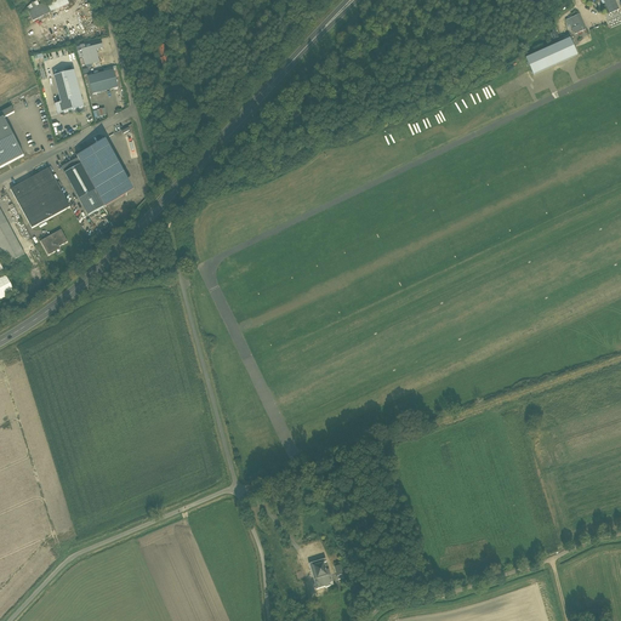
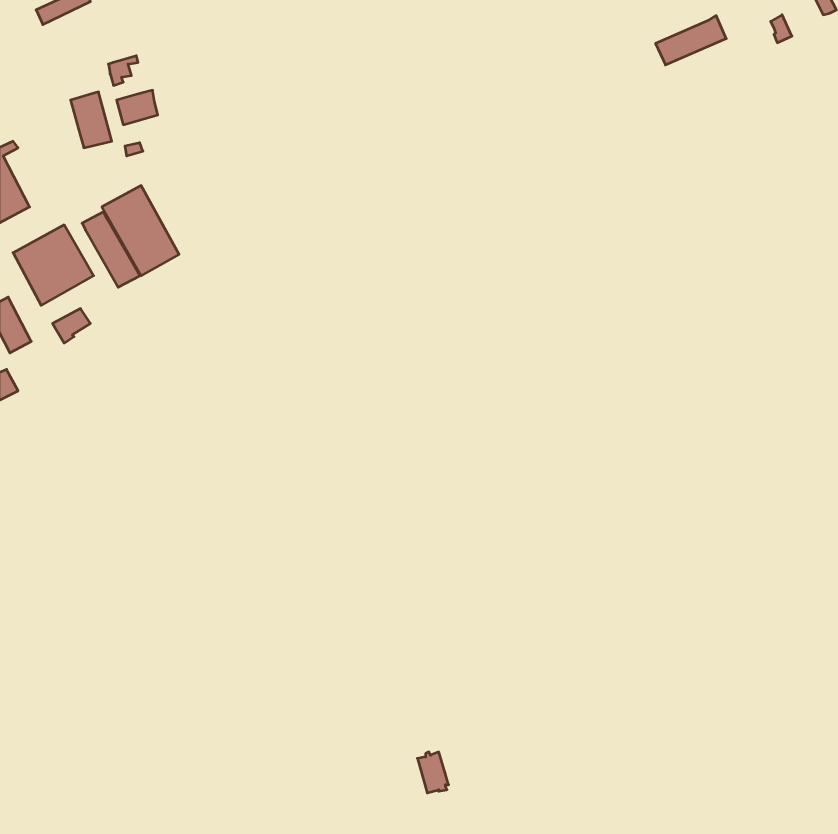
building: [524,35,576,72] -> [656,16,726,65]

